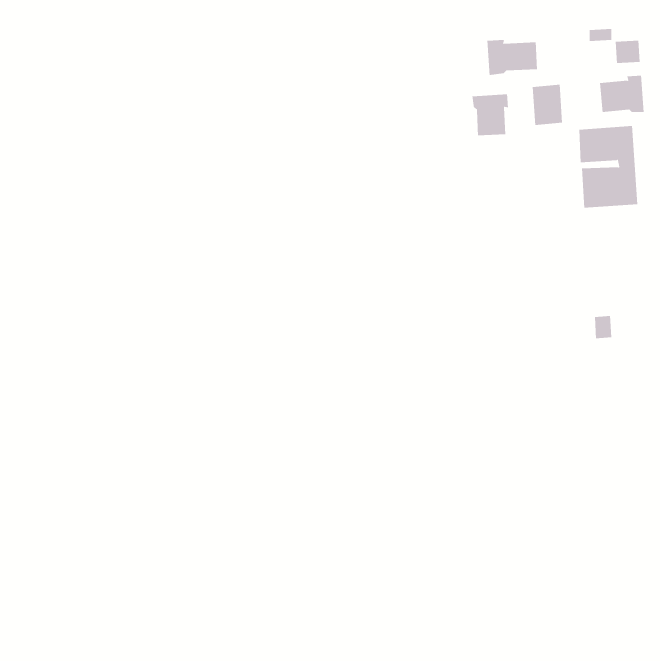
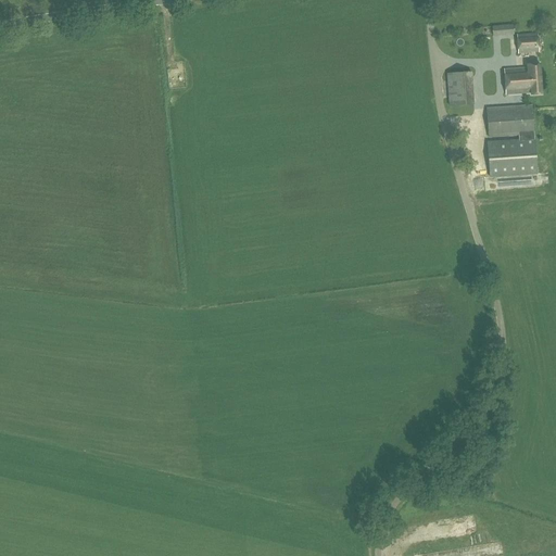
building: [487,39,537,76] -> none
building: [472,93,508,136] -> none

